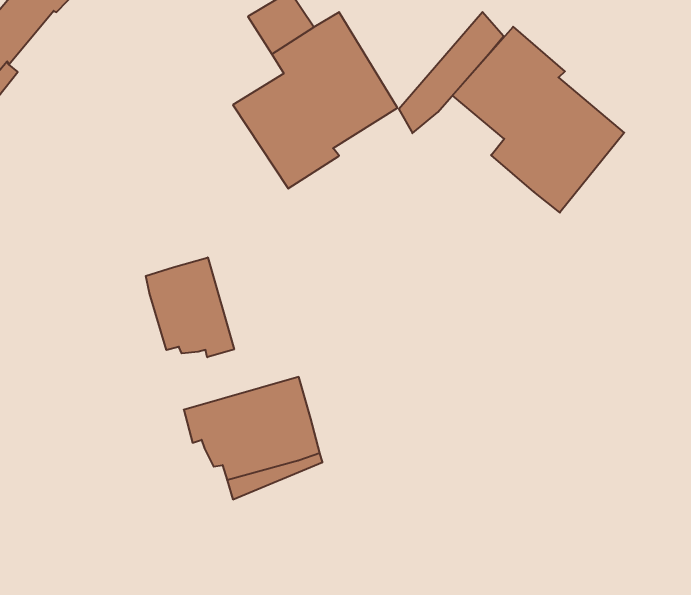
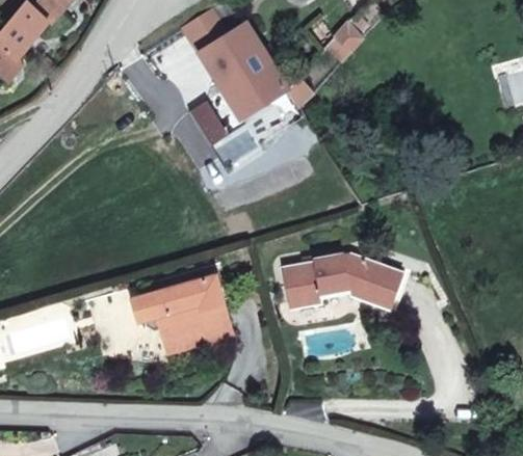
building: [452,27,624,213] -> none
building: [146,257,234,357] -> none
building: none -> [282,252,416,332]

